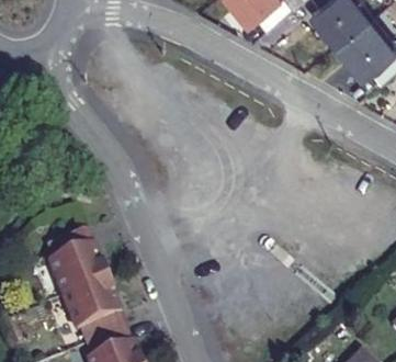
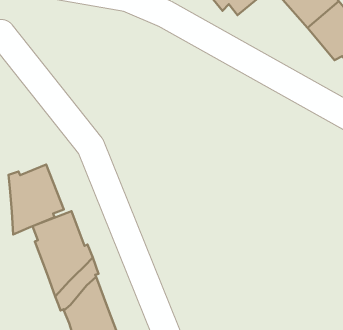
building: none -> [9,164,64,234]

